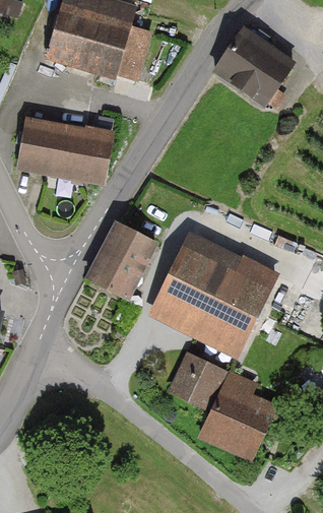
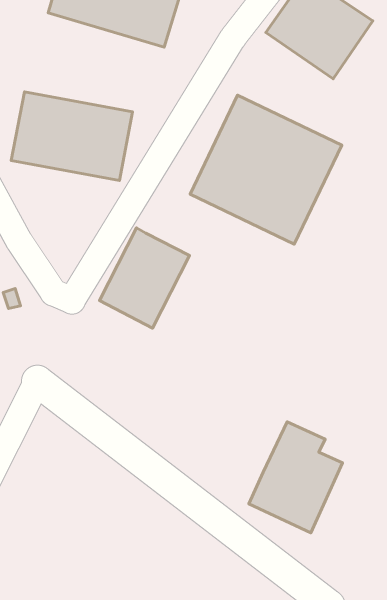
building: [156,237,273,351] -> [190,95,342,244]
building: [169,350,227,408] -> none

